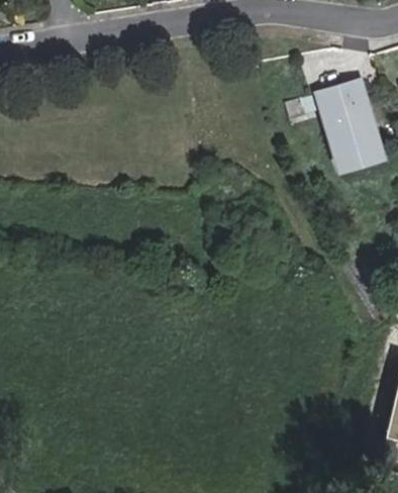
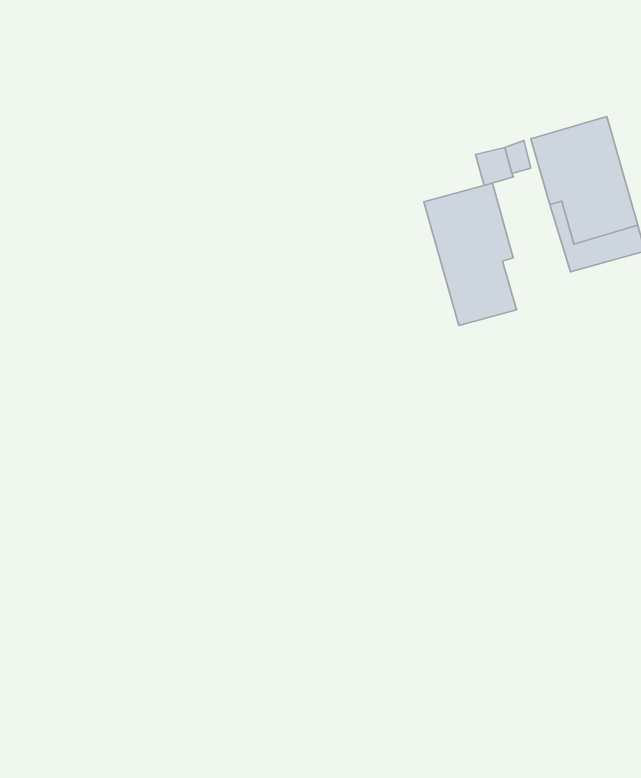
building: none -> [424,183,516,326]

